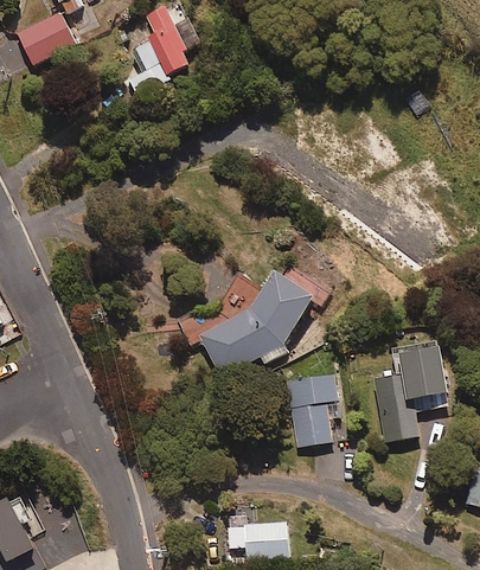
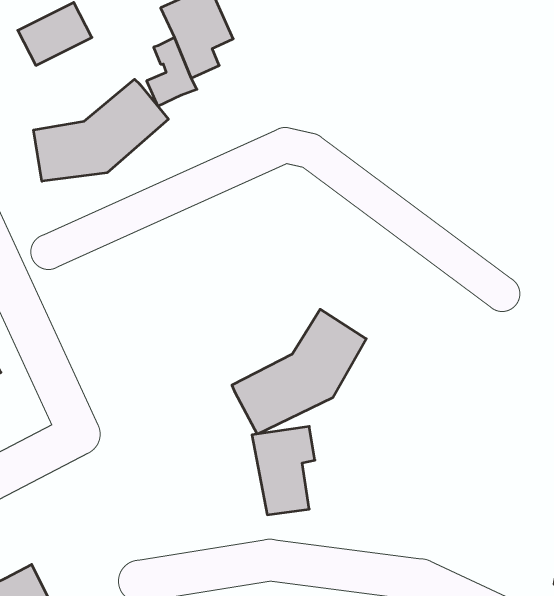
building: none -> [34,79,168,181]
building: [373,346,446,443] -> none
building: [284,373,338,448] -> [252,426,315,515]

